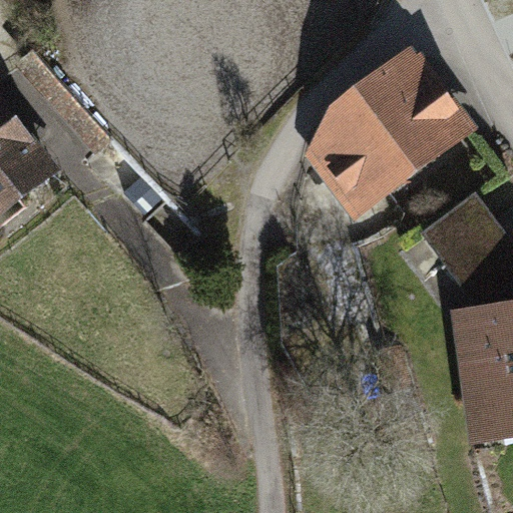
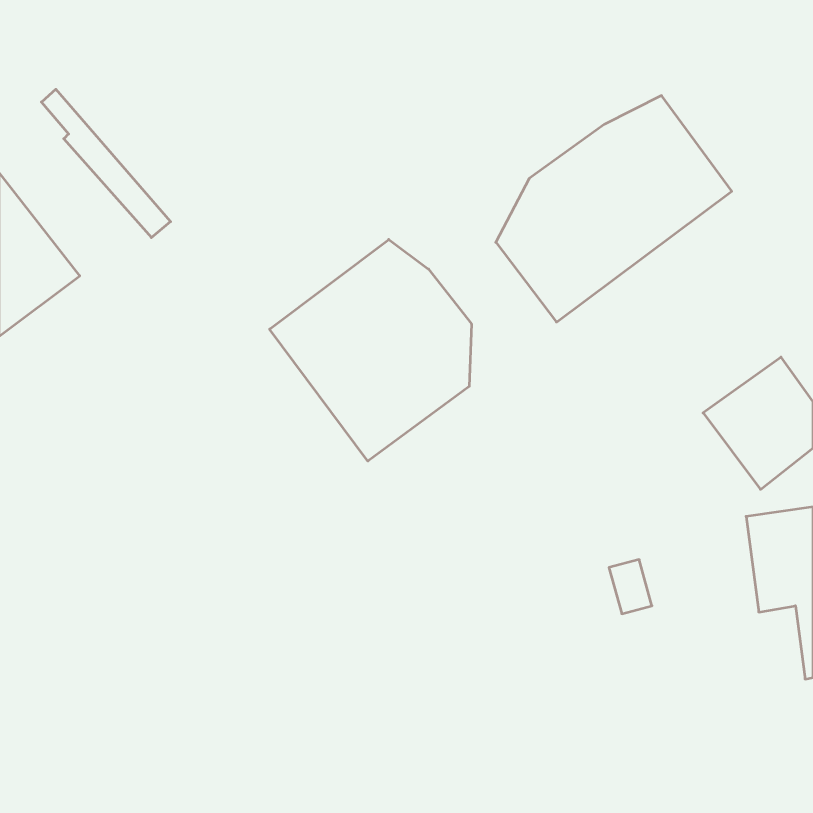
building: none -> [270,239,471,461]

